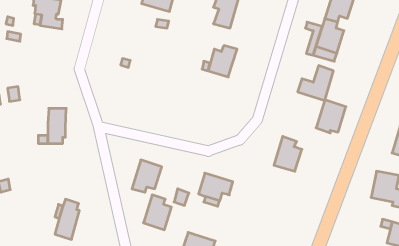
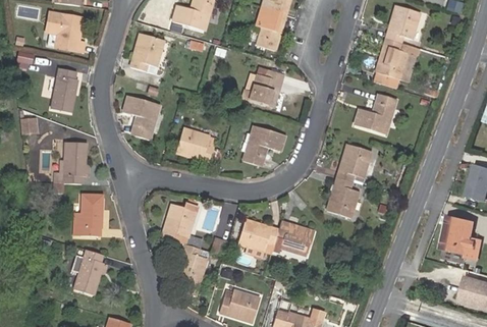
building: none -> [131,33,164,69]
building: [305,22,322,55] -> [399,42,419,80]
building: none -> [52,68,77,112]
building: none -> [124,95,160,139]
building: none -> [244,125,286,165]
building: none -> [176,127,214,161]
building: [316,100,346,133] -> [337,143,372,181]
building: none -> [79,194,102,230]
building: none -> [273,220,315,254]

